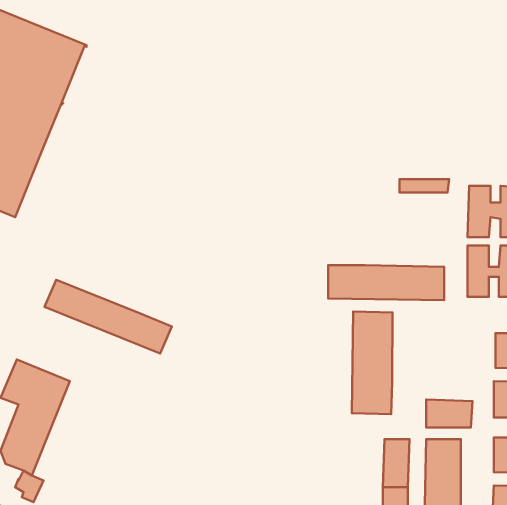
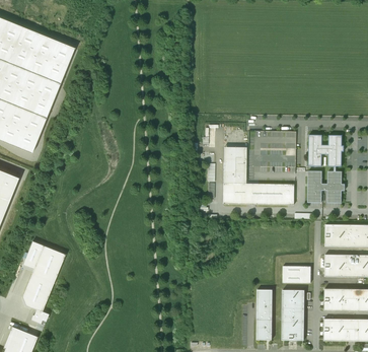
building: none -> [223,147,246,184]
building: [45,280,172,354] -> none
building: [352,312,392,414] -> none

